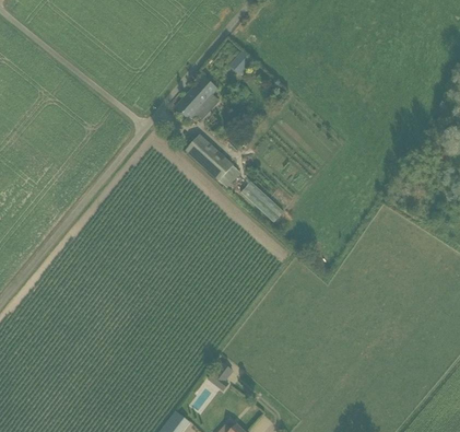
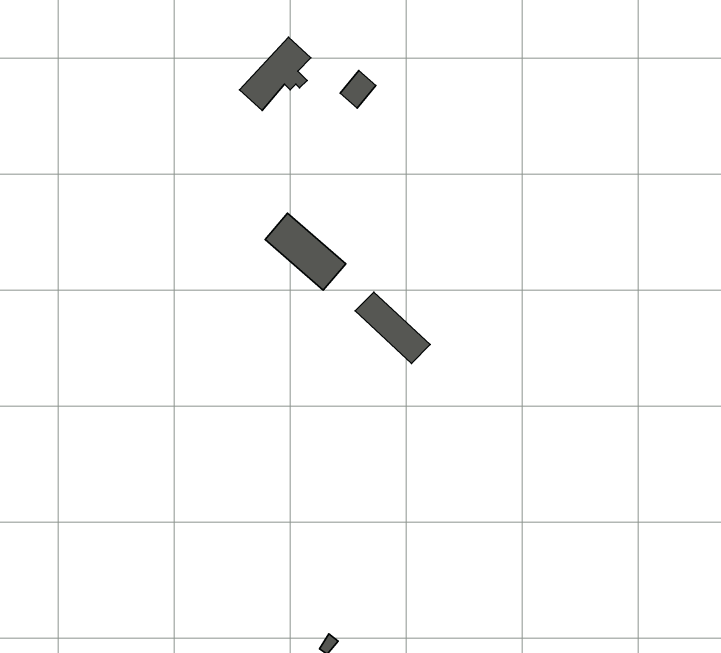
building: [176,77,217,119] -> [240,37,311,110]

